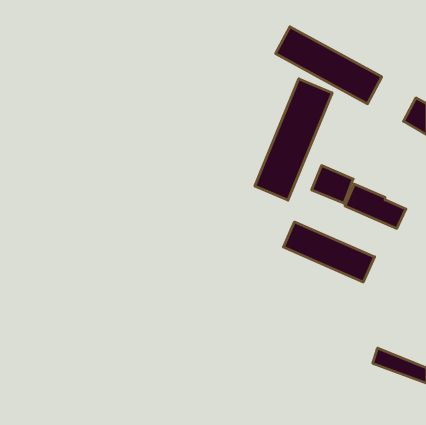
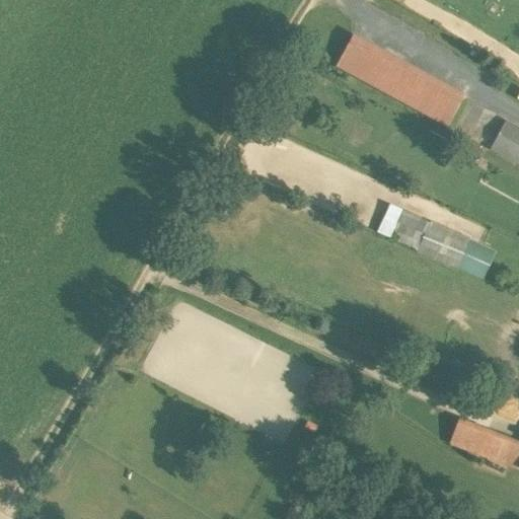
building: [255,79,332,200] -> none
building: [283,222,375,282] -> none

